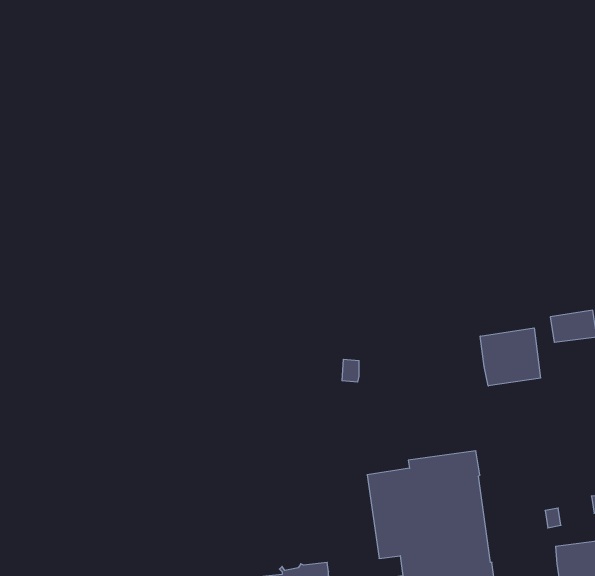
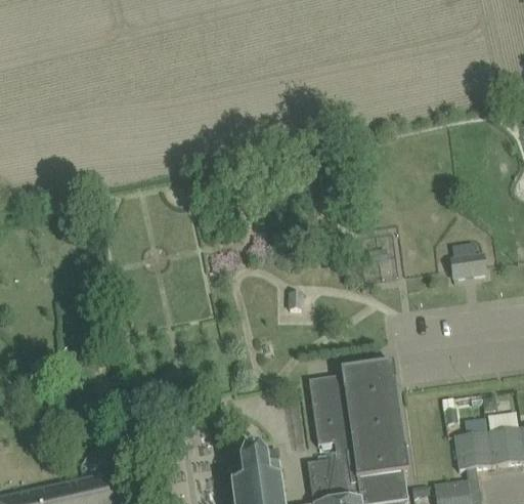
building: [480,328,540,386] -> none

